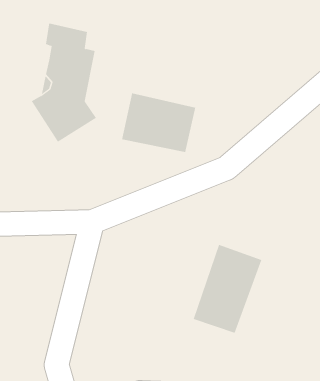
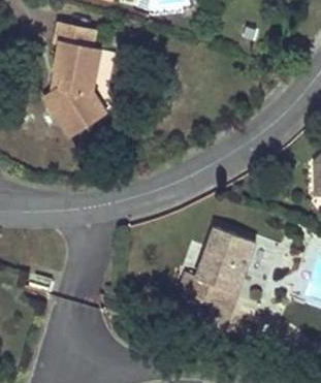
building: [121,93,196,153] -> none

